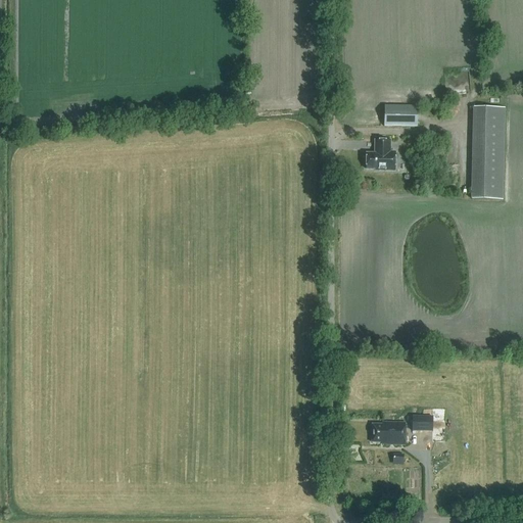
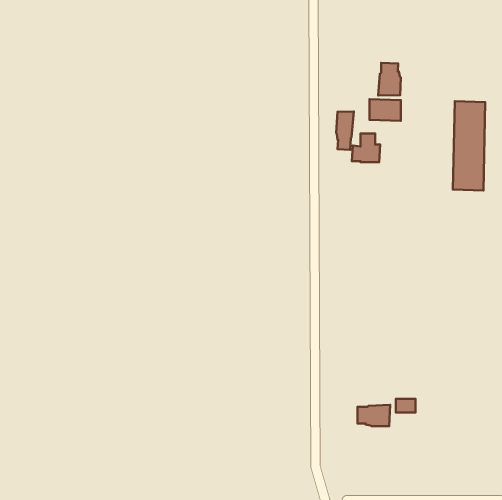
building: none -> [378,63,401,95]
building: none -> [336,112,354,150]

